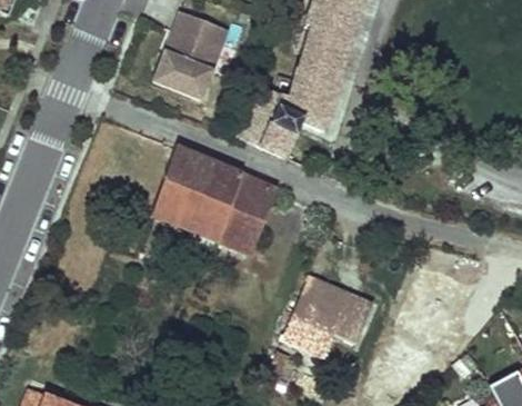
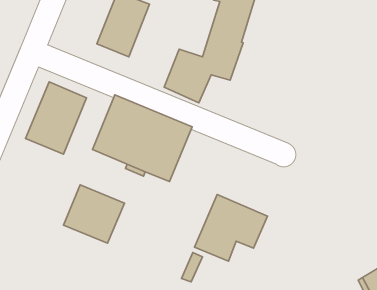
building: none -> [25,82,86,154]
building: none -> [64,185,124,243]

